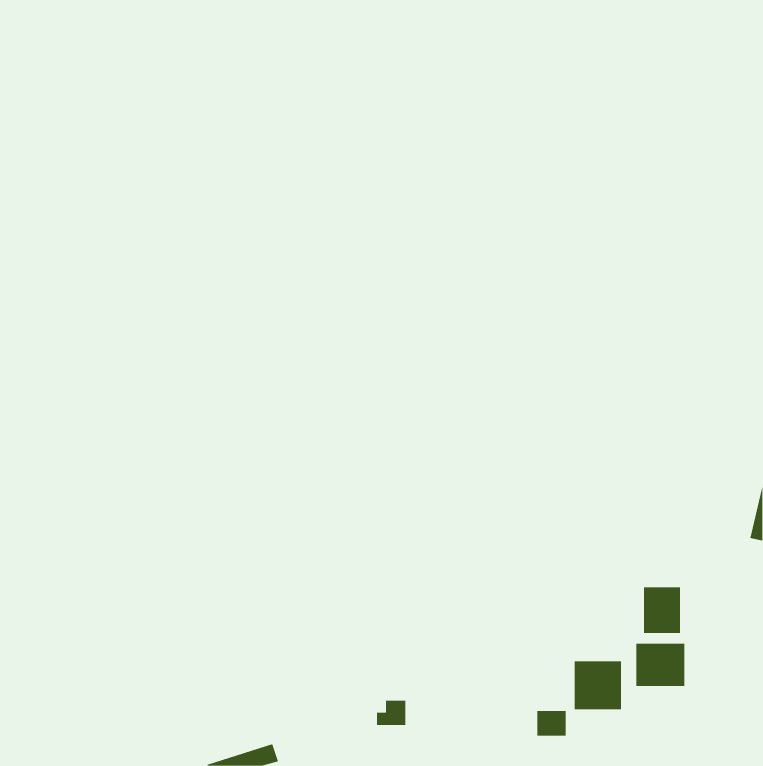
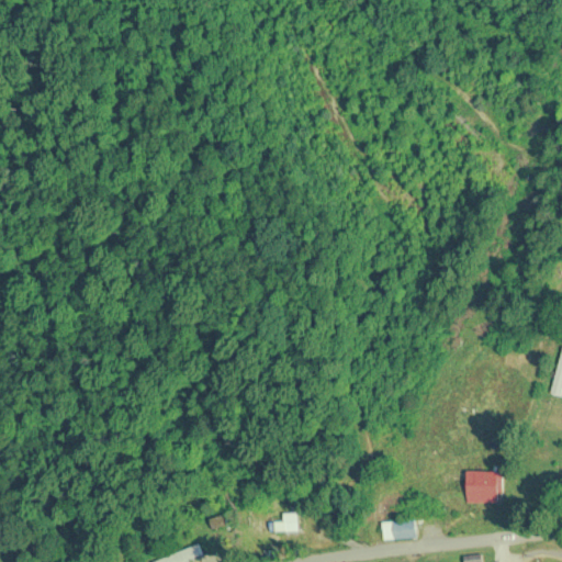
building: [643,586,680,634] -> none
building: [574,661,622,710] -> none

